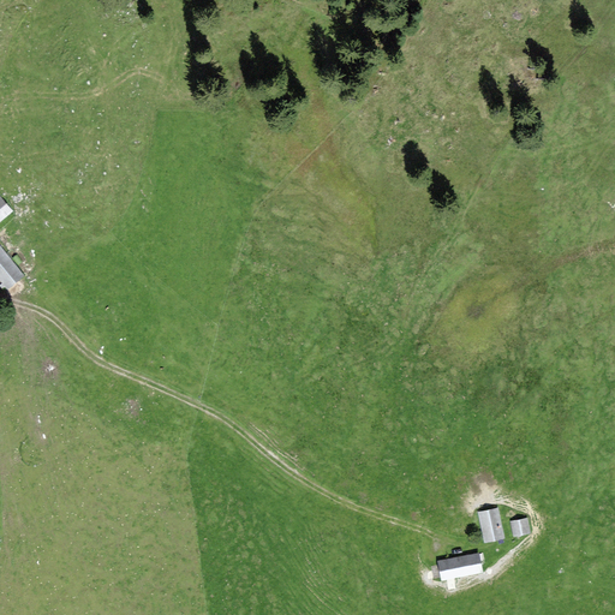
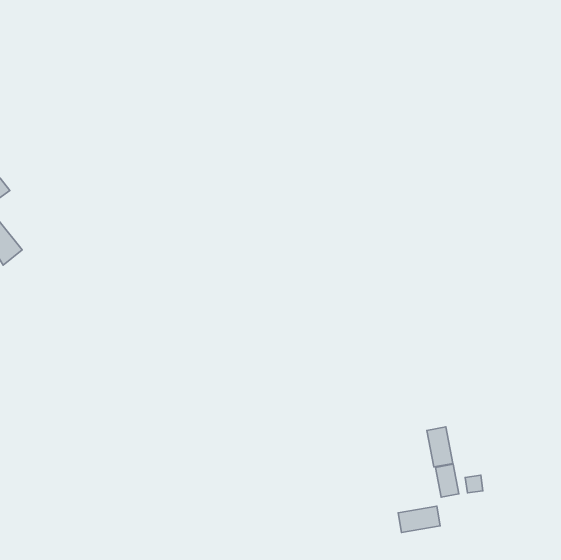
building: none -> [427,427,453,467]

